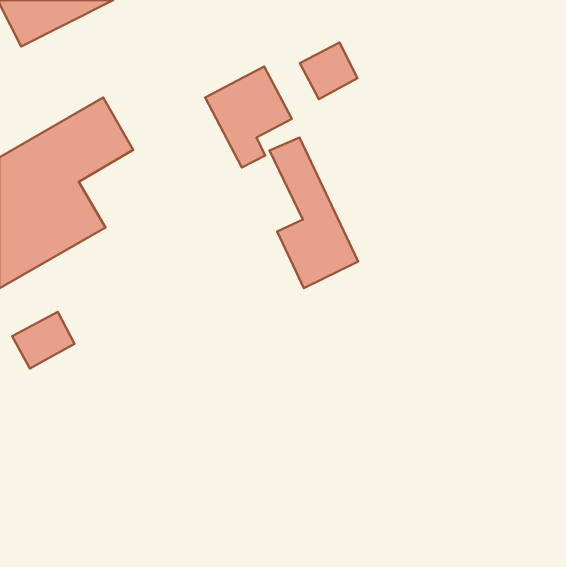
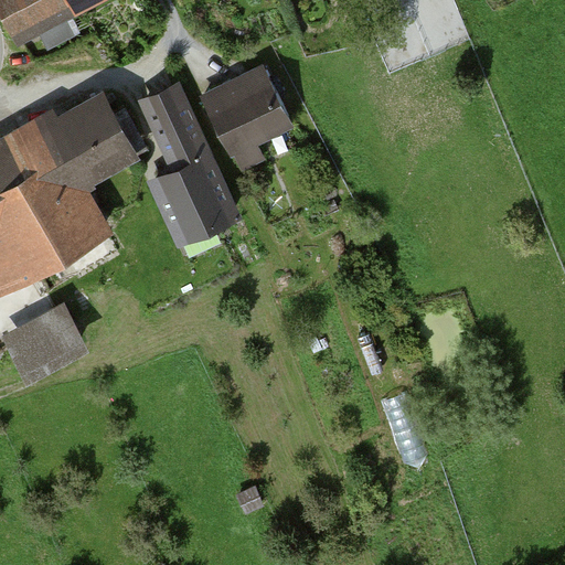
building: [300,42,358,99] -> none
building: [269,137,358,288] -> [146,87,234,237]

